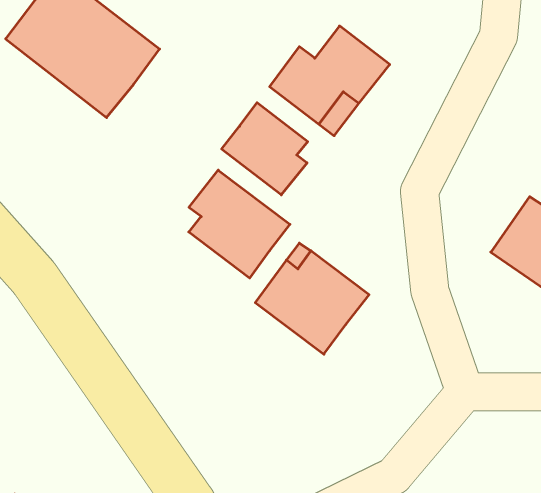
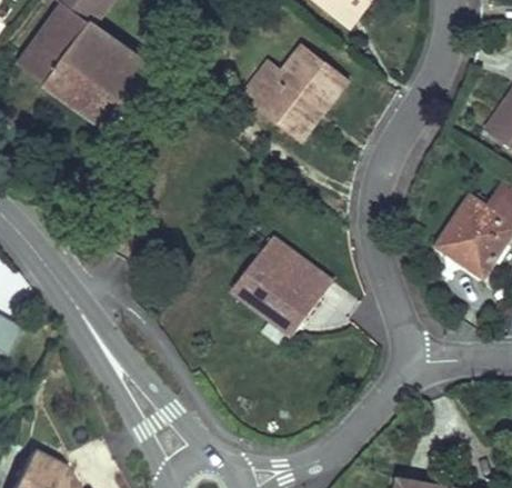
building: [222,103,308,195] -> none
building: [189,170,290,278] -> none

